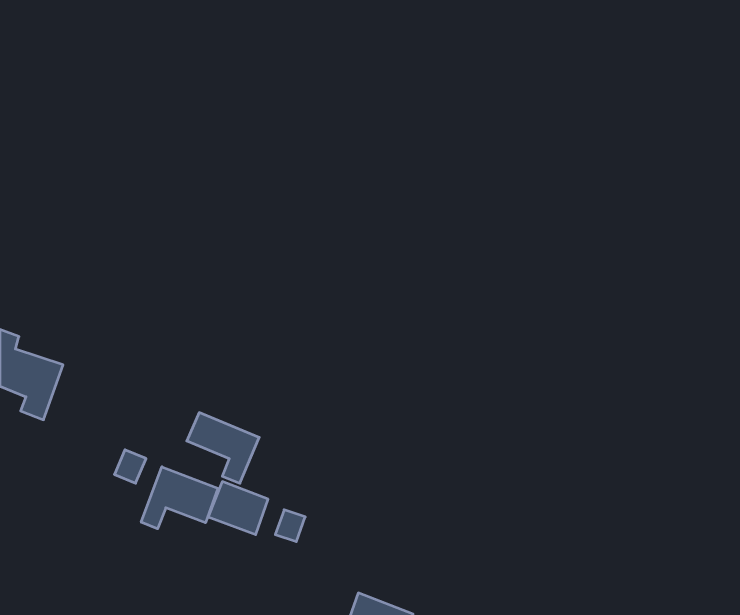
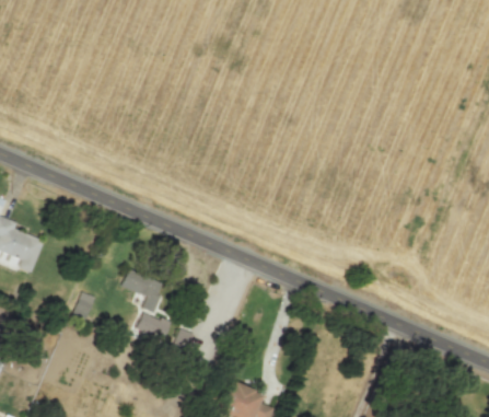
building: [141,467,218,529] -> none

